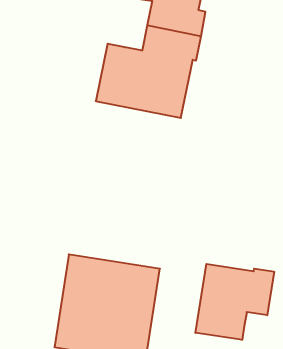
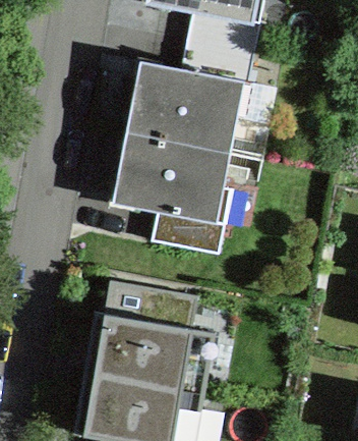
building: none -> [114,130,230,253]
building: [195,264,274,340] -> none

